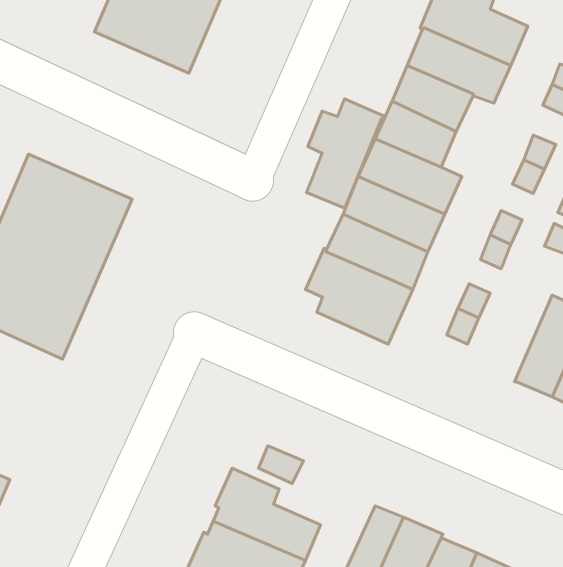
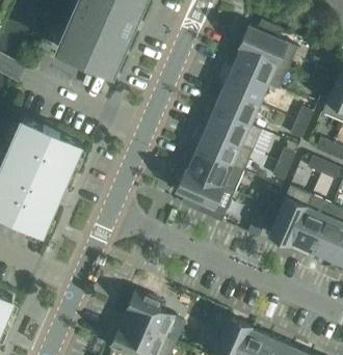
building: [306,99,384,208] -> none
building: none -> [268,186,312,245]

